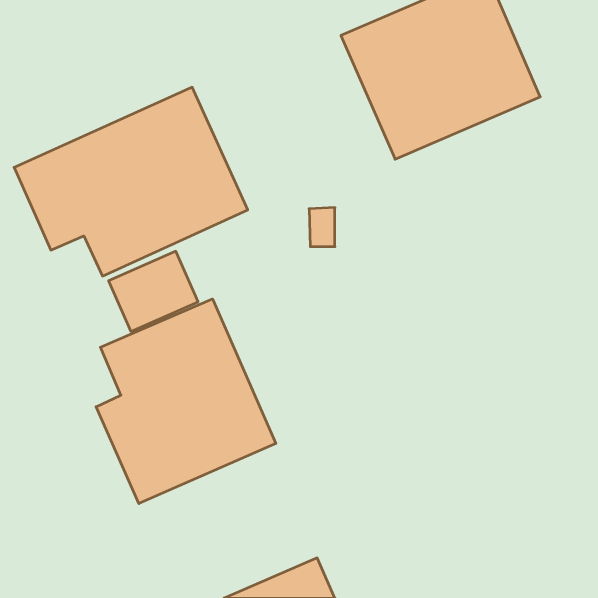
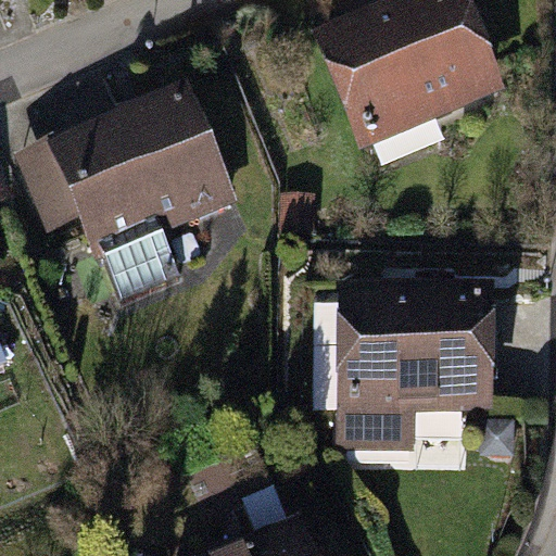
building: [96,299,276,504] -> none
building: none -> [333,280,494,454]

